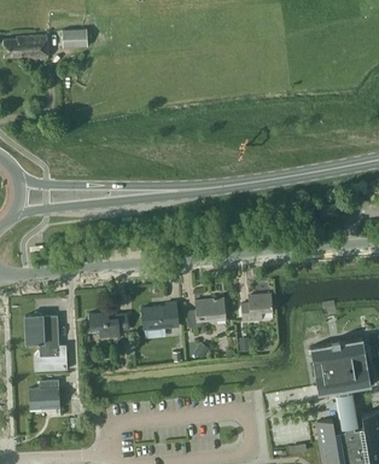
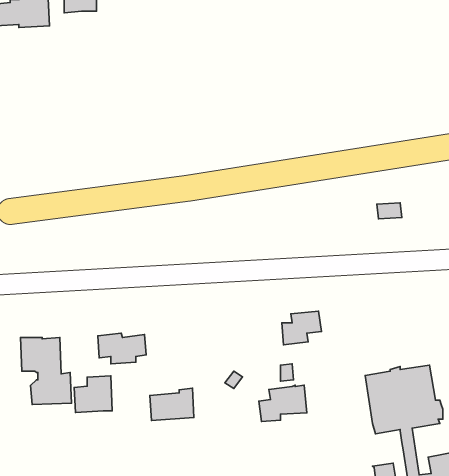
building: [186,297,226,327] -> [259,385,307,422]
building: [141,302,177,329] -> [150,388,194,420]
building: [28,379,59,410] -> [74,376,112,412]

